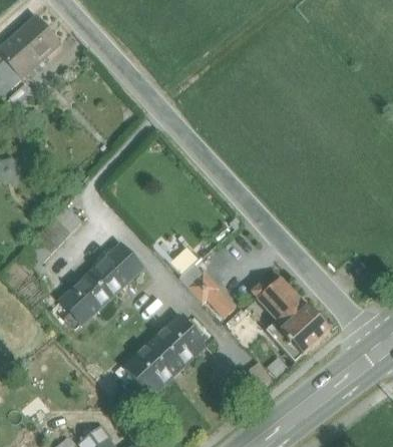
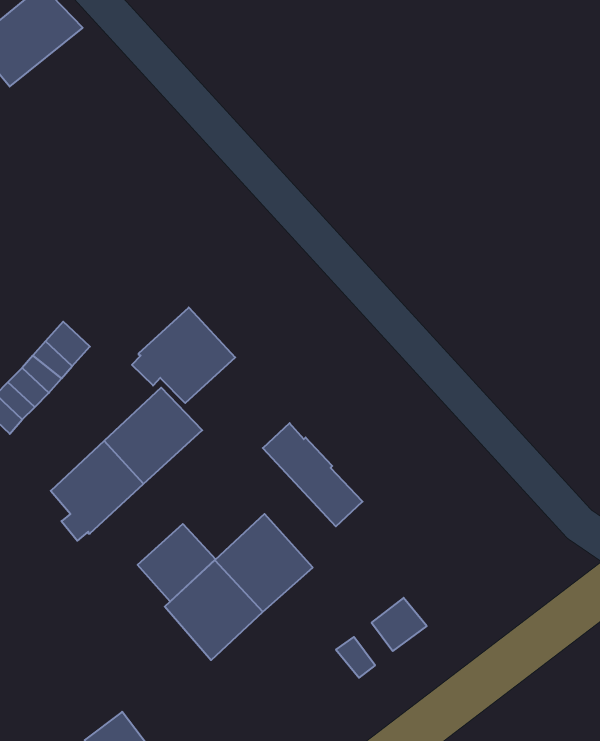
building: none -> [132,307,235,403]
building: [251,278,329,361] -> none
building: none -> [138,524,215,602]

